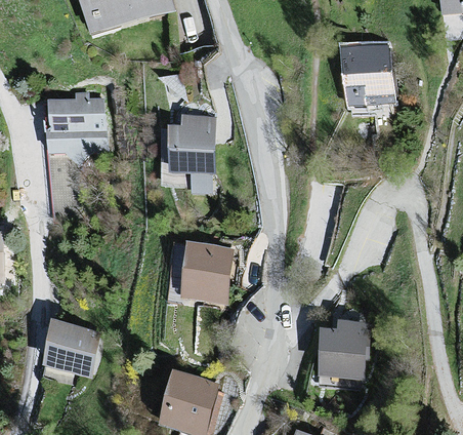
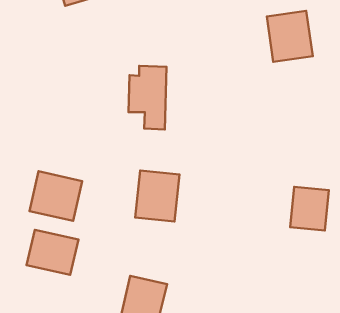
building: [46,95,107,155] -> none
building: none -> [30,171,82,221]
building: [317,325,365,380] -> [290,187,329,230]

